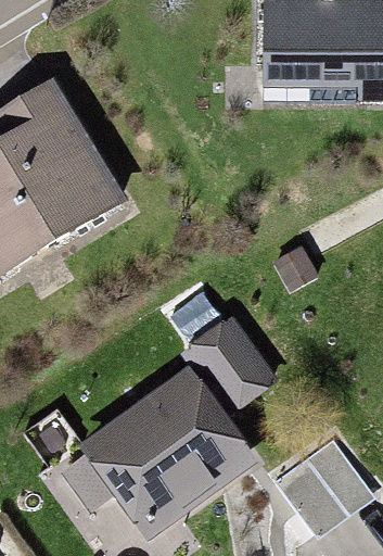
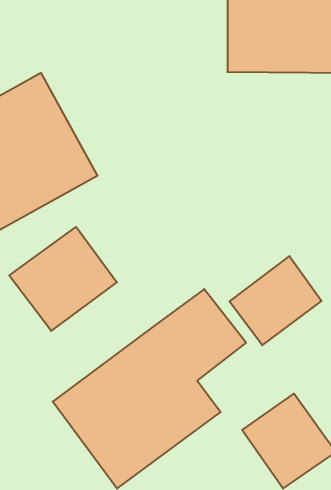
building: none -> [9,227,117,331]
building: none -> [230,256,322,345]

